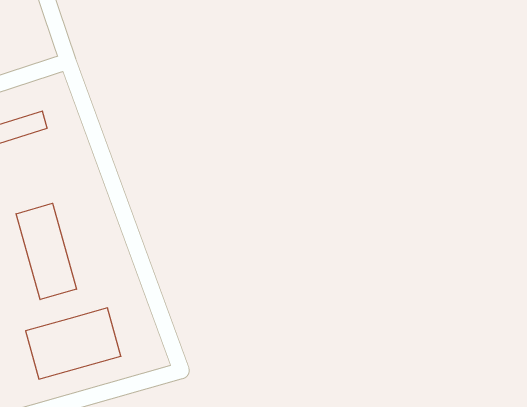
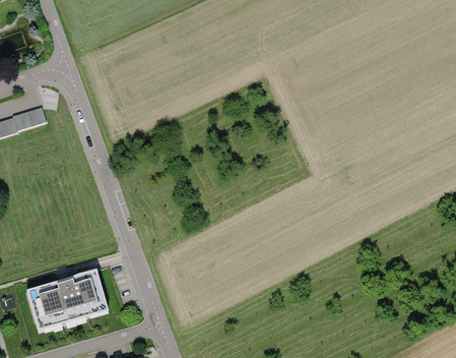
building: [16,203,77,300] -> none

